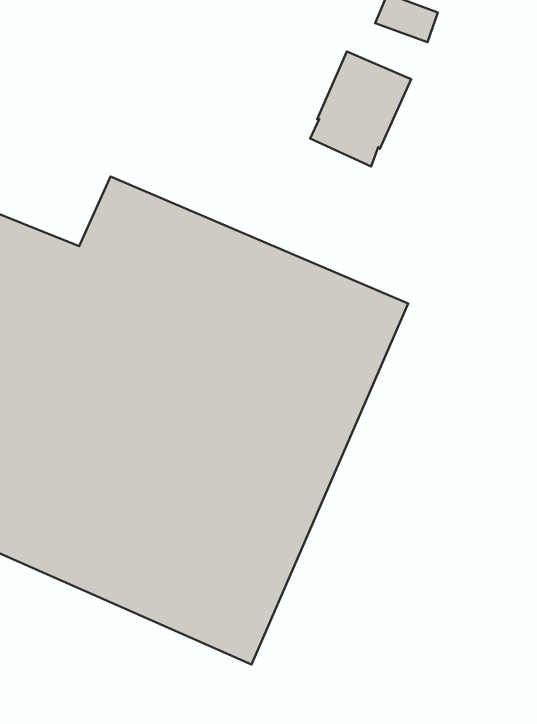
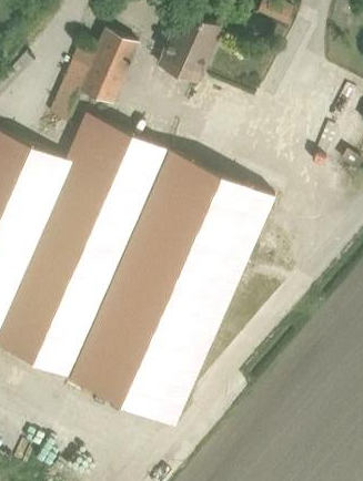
building: none -> [47,30,138,123]
building: [310,51,411,166] -> [155,12,220,85]

